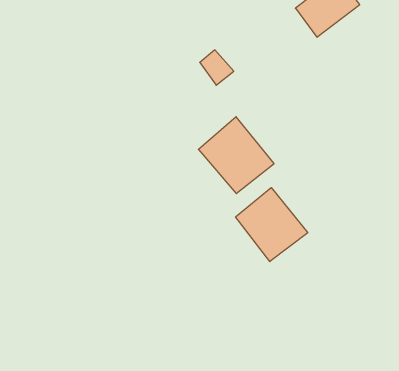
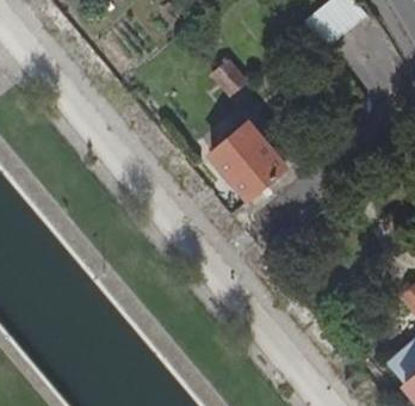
building: [236,188,308,262] -> none

